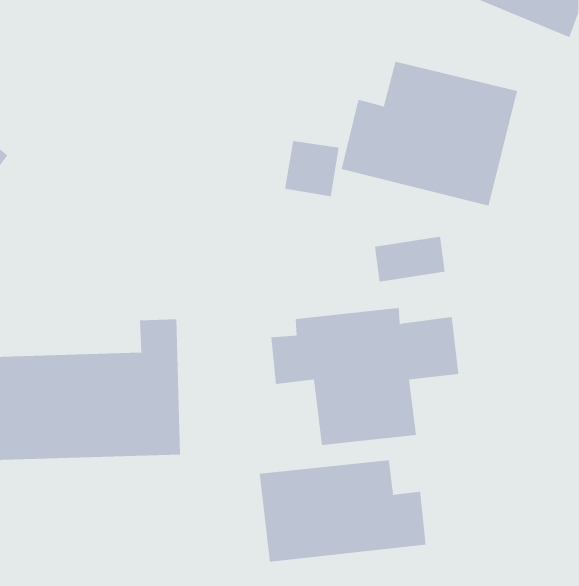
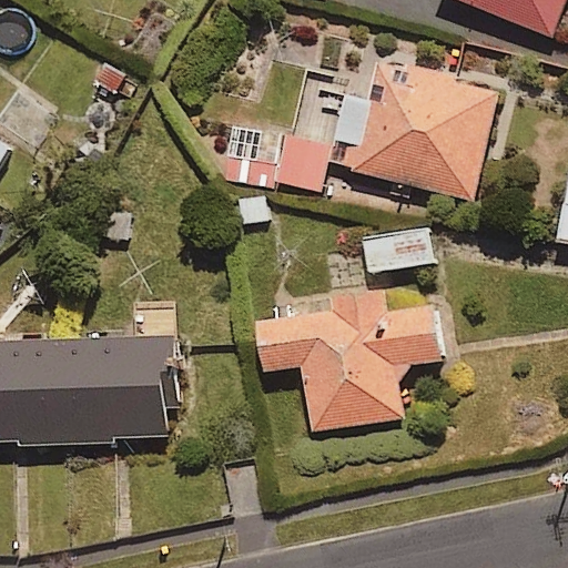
building: [259,459,426,562] -> none

